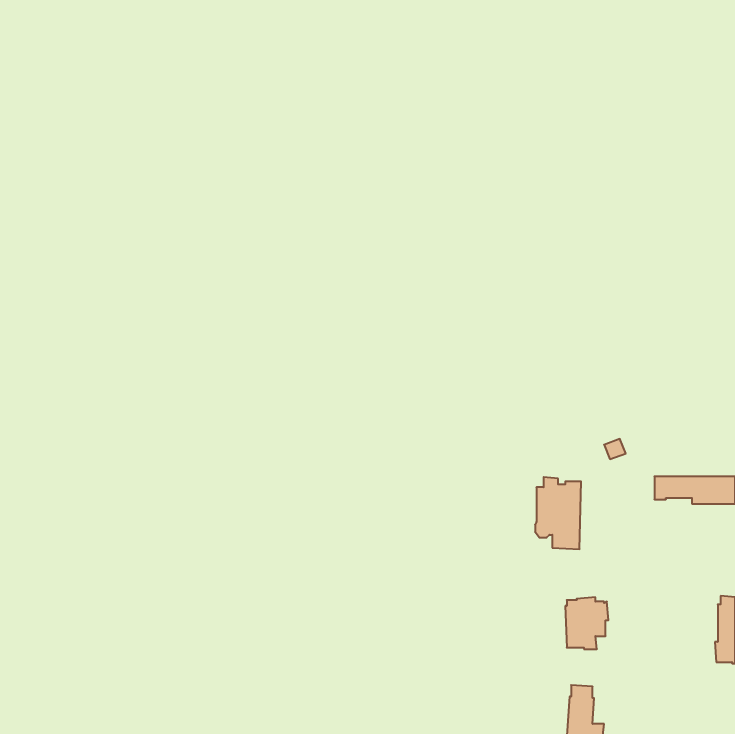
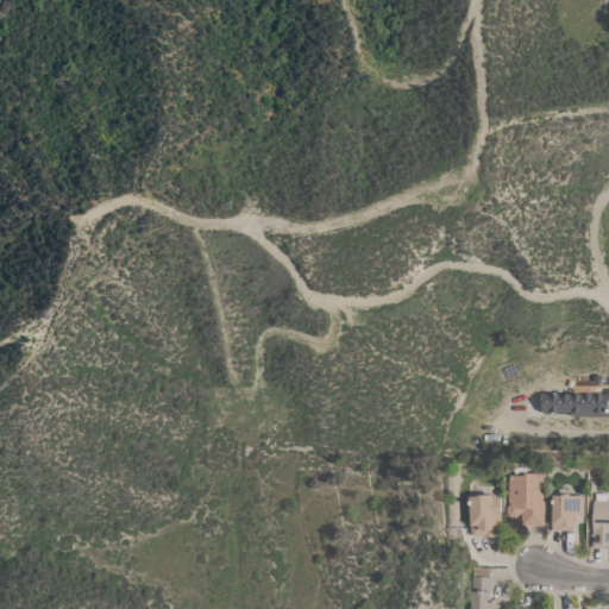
building: [535,477,581,549] -> [507,467,545,527]
building: none -> [552,494,584,530]

